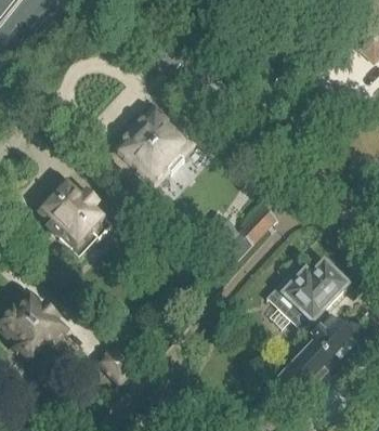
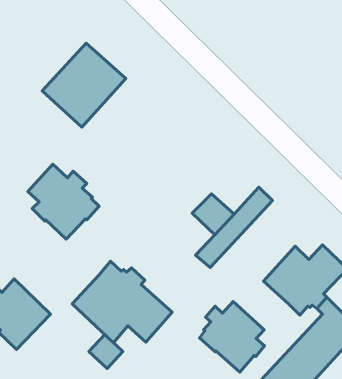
building: [112,107,192,187] -> [42,43,126,127]
building: none -> [72,261,172,343]
building: none -> [199,301,264,372]

